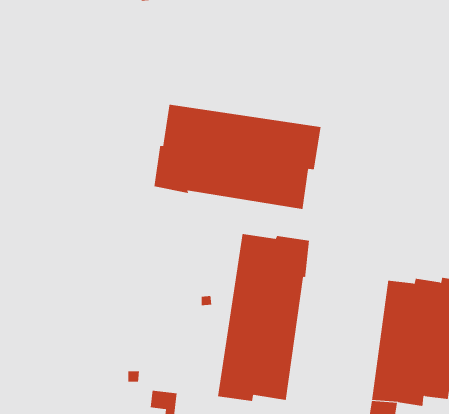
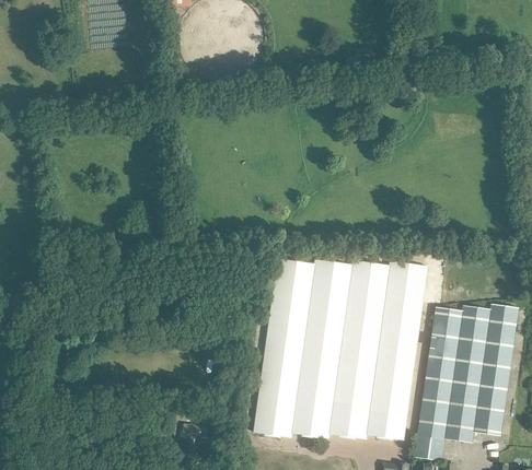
building: [154,104,321,210] -> none
building: none -> [327,262,428,437]

